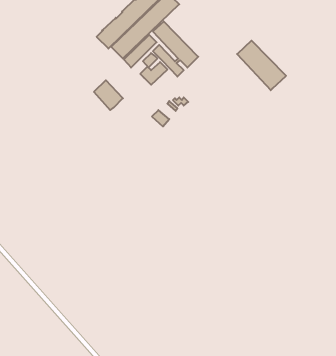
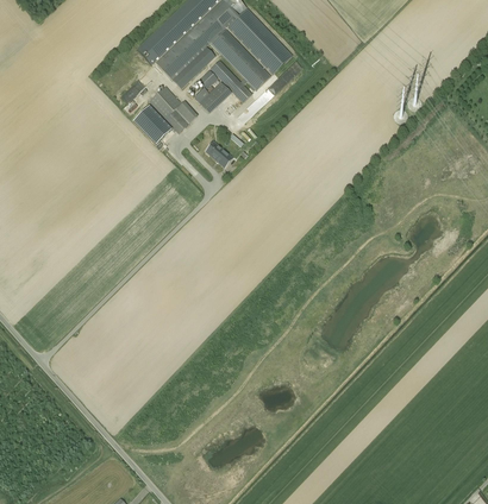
building: [237,41,286,90] -> [227,8,292,74]
building: none -> [149,86,198,133]

